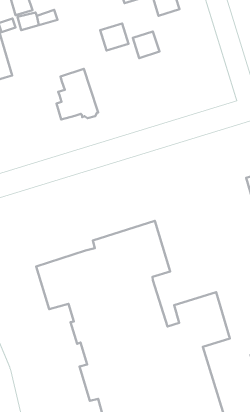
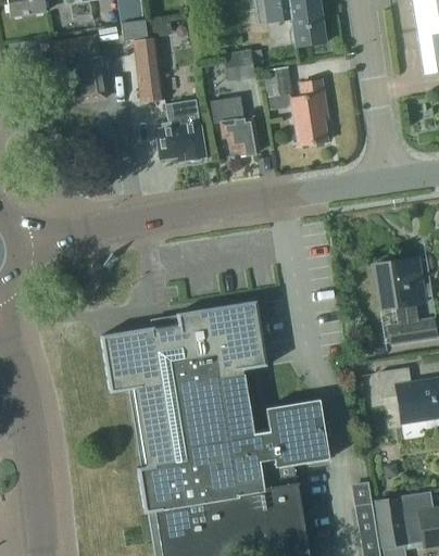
building: none -> [134,40,164,103]
building: none -> [293,80,328,146]
building: none -> [210,99,259,156]

